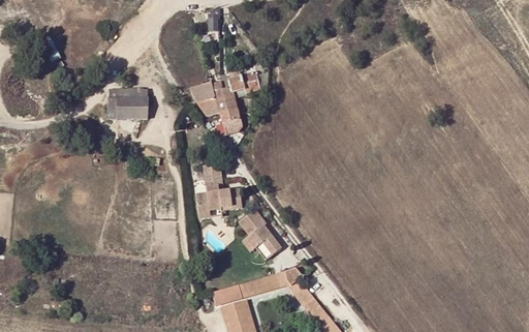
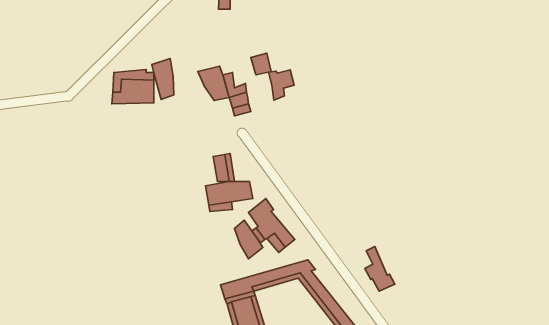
building: [220,74,245,103] -> [268,70,294,100]
building: none -> [152,58,174,99]
building: none -> [235,220,263,259]
building: none -> [365,247,395,291]

